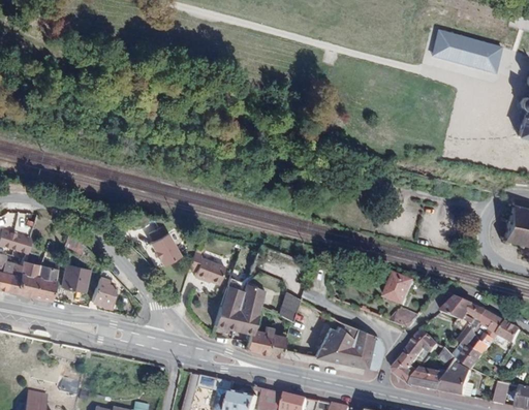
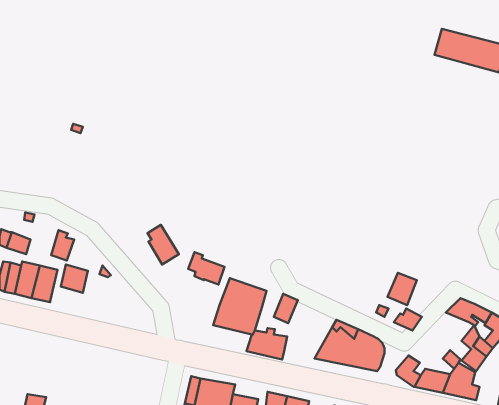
building: [92,277,115,307] -> [51,230,74,260]
building: [404,328,439,360] -> none

